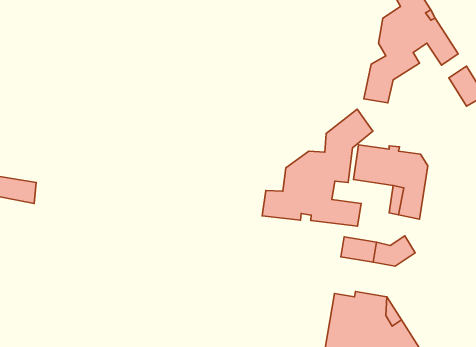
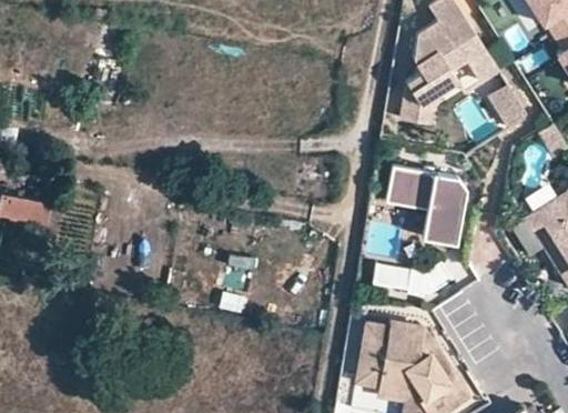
building: [262,109,373,226] -> none

